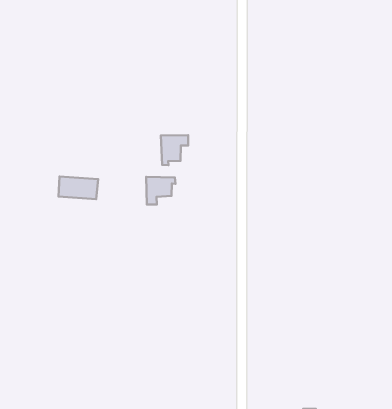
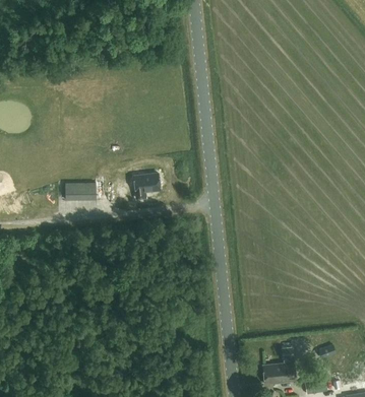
building: [161,135,188,165] -> none

